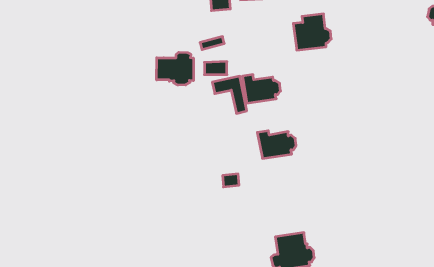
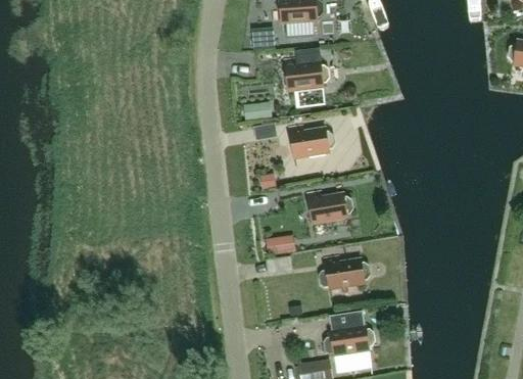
building: [293,14,331,50] -> [284,47,329,90]
building: [157,52,193,85] -> none
building: none -> [318,255,369,288]

